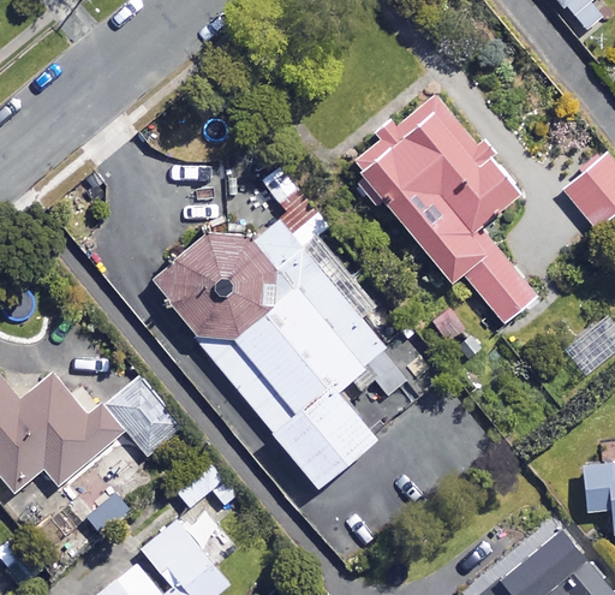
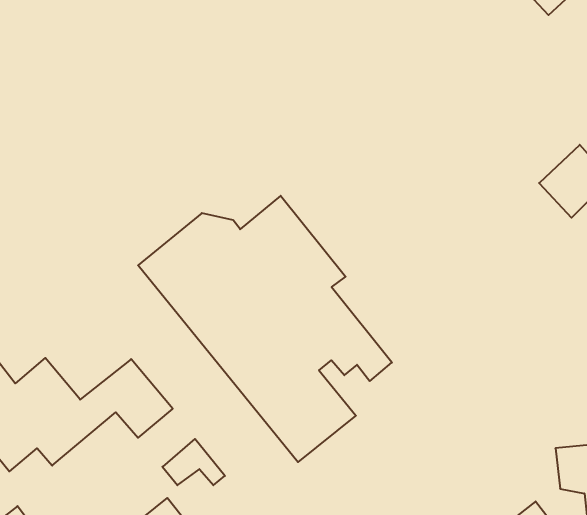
building: [357,100,537,334] -> none

